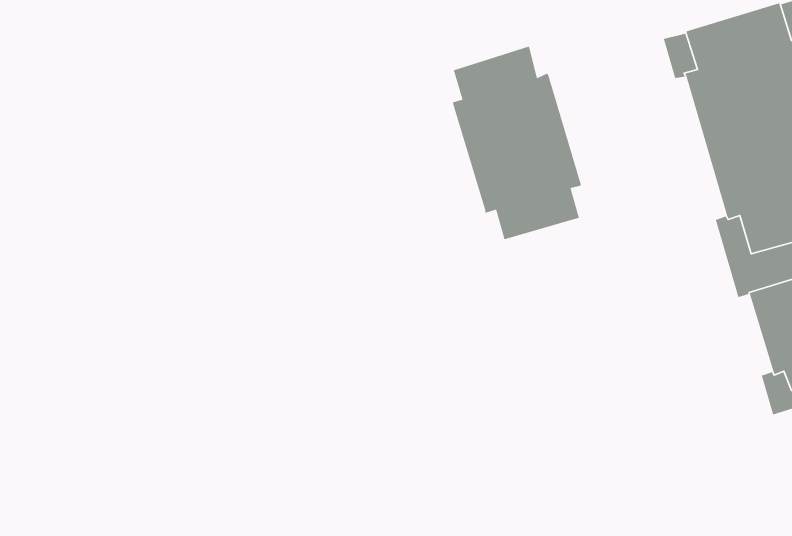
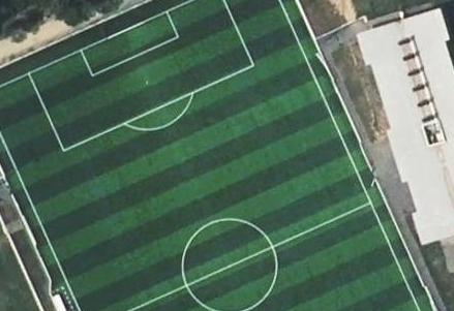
building: [452,46,582,240] -> none

